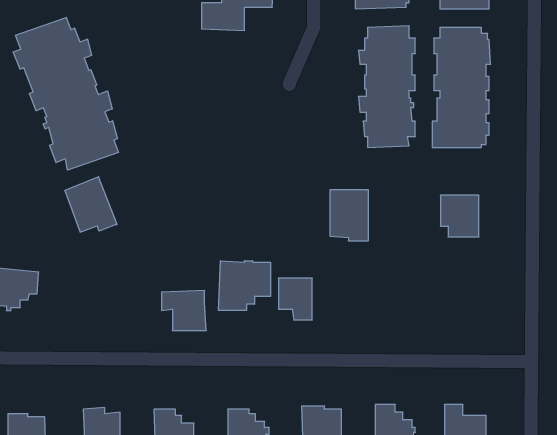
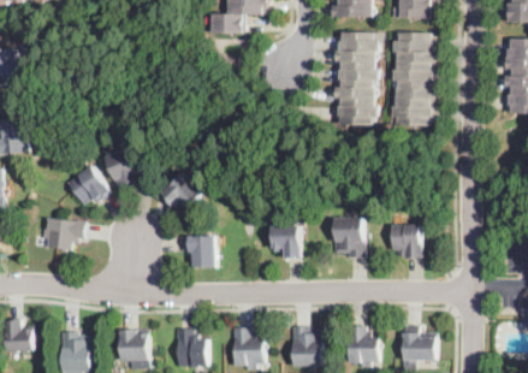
building: [13,17,118,170] -> none
building: [330,190,368,241] -> [332,218,362,257]
building: [440,195,479,237] -> [390,226,420,259]
building: none -> [66,166,109,206]
building: none -> [159,173,201,211]
building: [219,261,271,310] -> none

